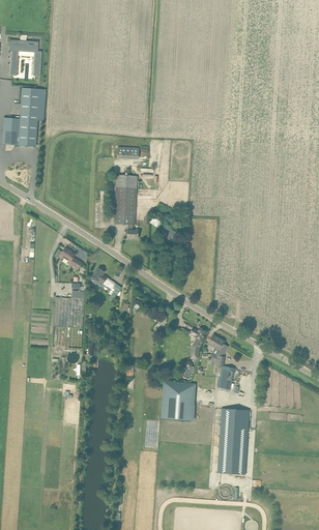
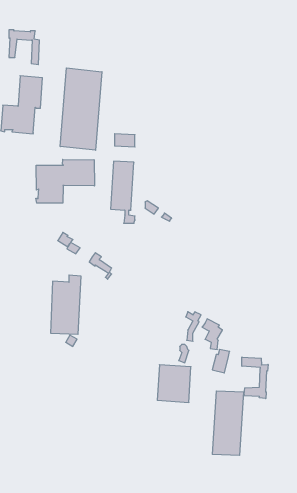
building: none -> [60,68,102,150]
building: none -> [36,159,94,203]
building: none -> [242,357,268,399]

